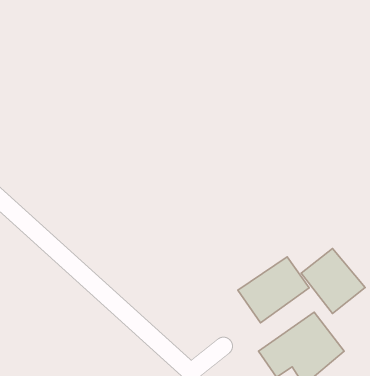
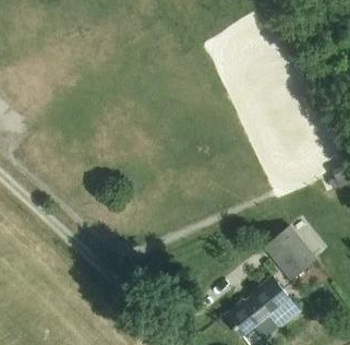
building: [238,257,309,323] -> none

